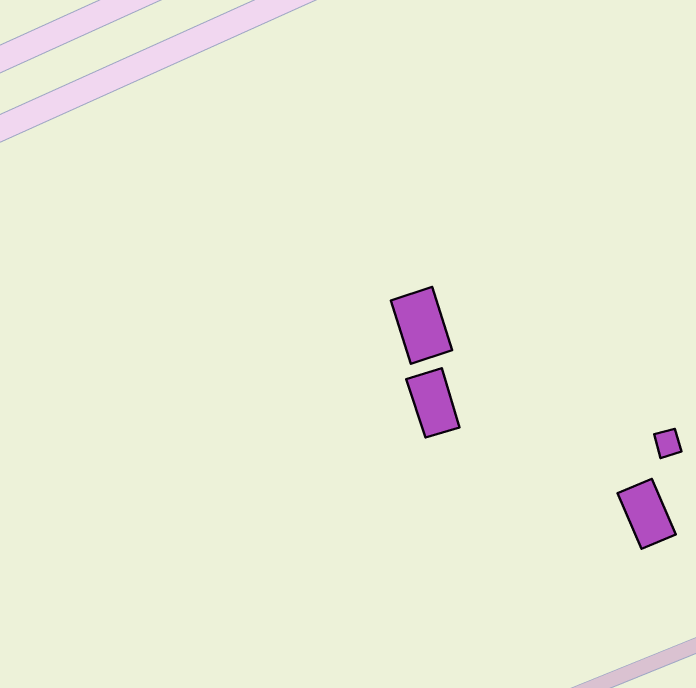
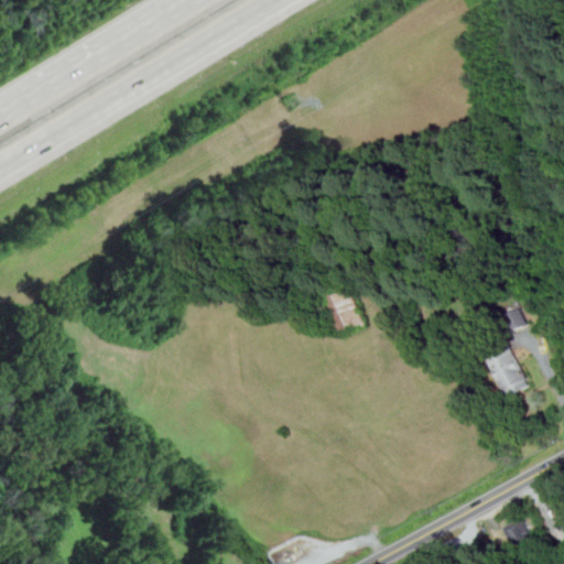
building: [391,287,452,364] -> none

